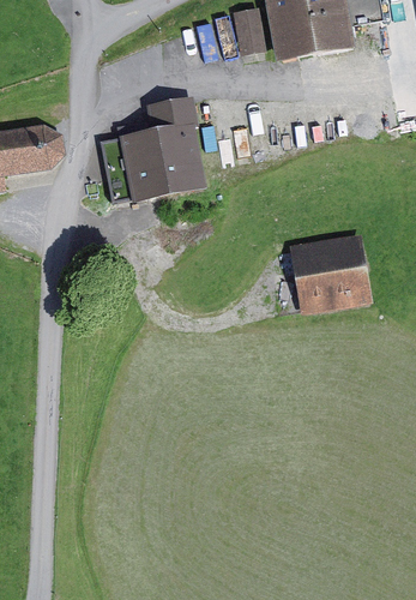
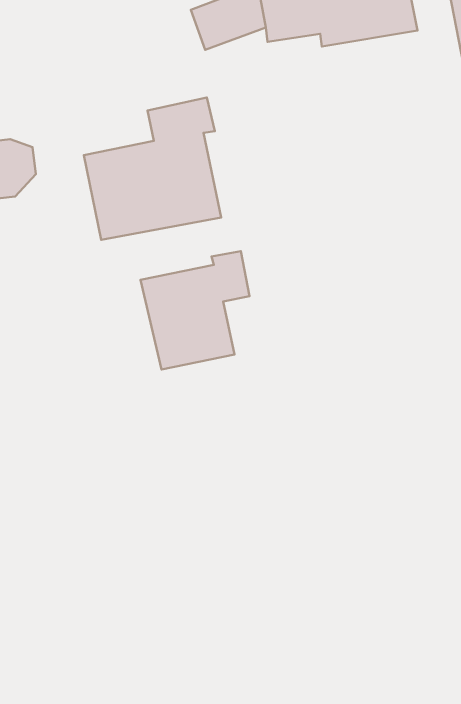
building: none -> [141,251,250,370]
building: [291,234,372,311] -> none

